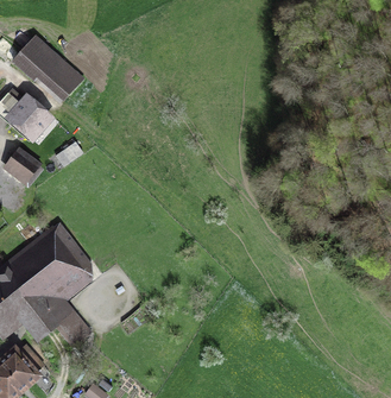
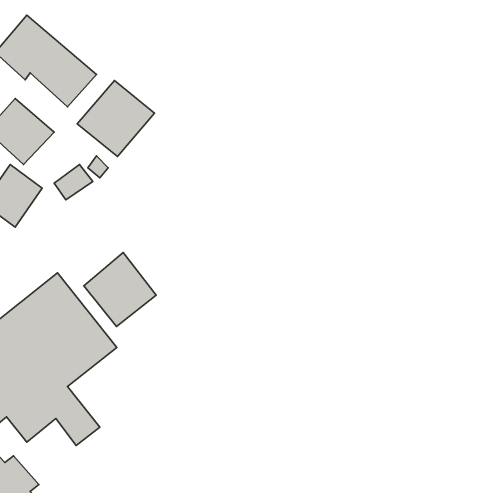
building: none -> [77,80,155,157]
building: none -> [84,252,156,326]

